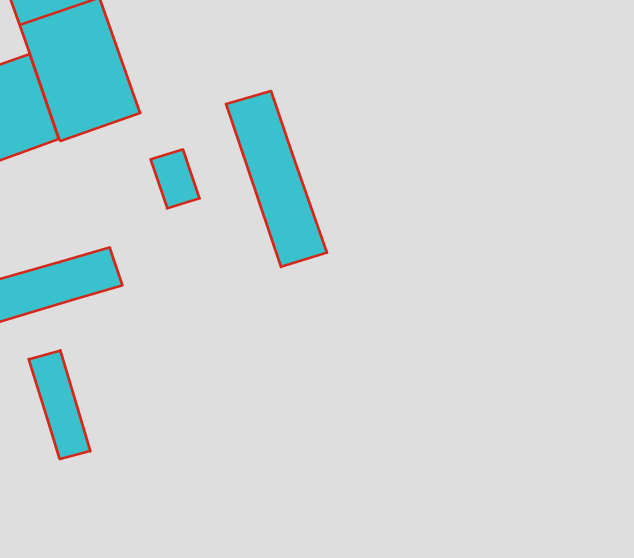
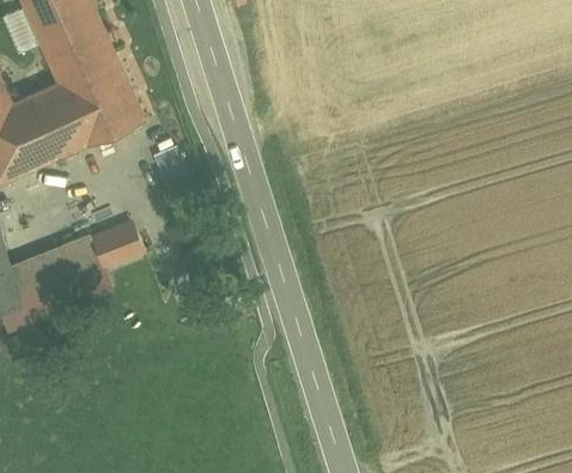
building: [226,91,327,267] -> none
building: [29,350,90,459] -> none

